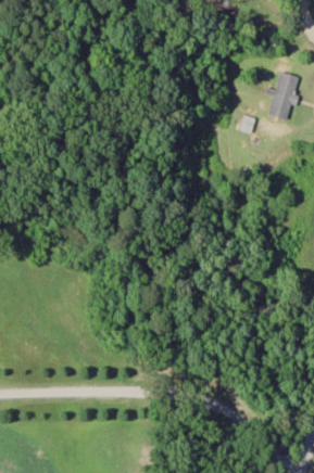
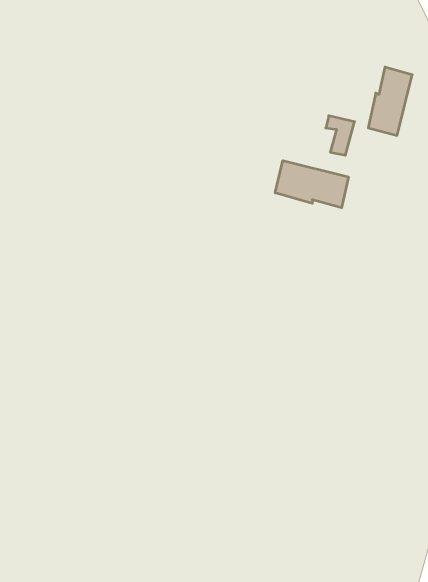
building: none -> [275,161,348,208]

